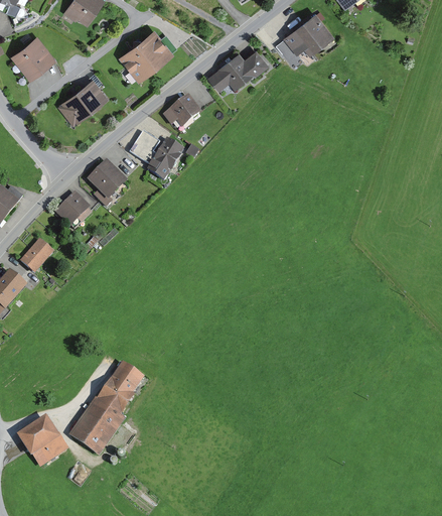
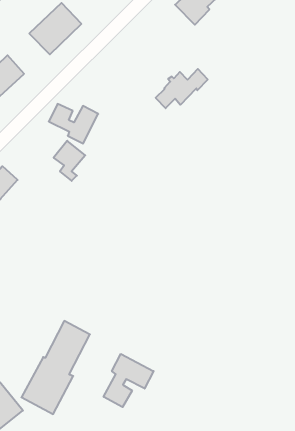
building: [208,50,265,88] -> [156,69,208,108]
building: [163,96,197,124] -> none
building: [89,161,122,204] -> [54,141,85,181]
building: none -> [104,354,154,407]

